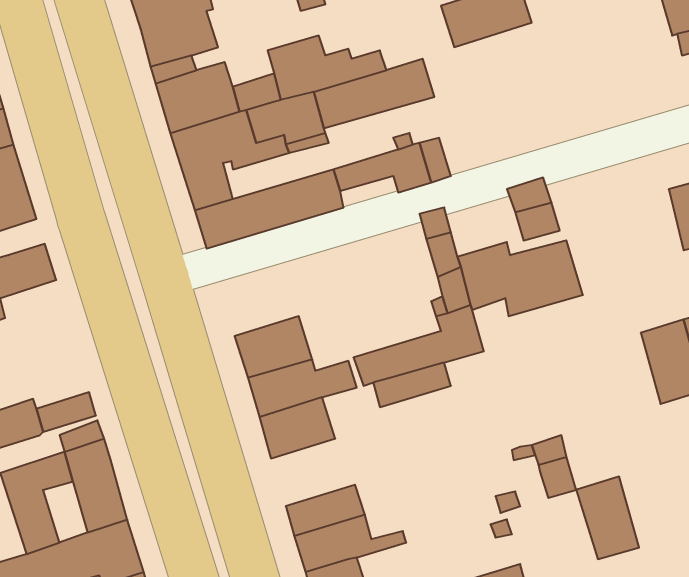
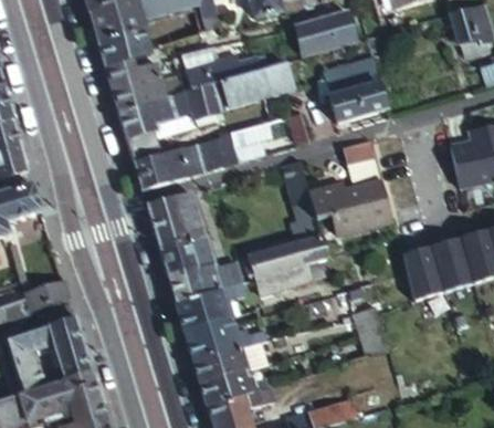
building: none -> [325,62,382,122]
building: none -> [149,191,204,247]
building: none -> [186,315,271,361]
building: [576,477,639,559] -> [404,244,446,300]

